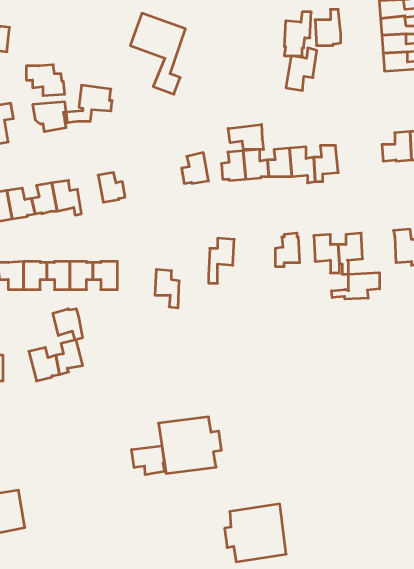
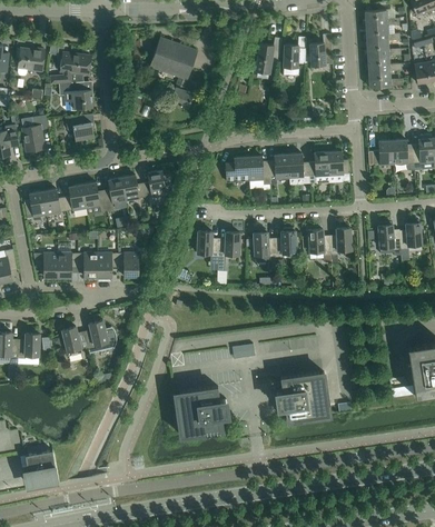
building: [286,48,317,90] -> [255,36,281,72]
building: [66,85,112,123] -> [49,51,89,83]
building: [228,124,264,150] -> none
building: none -> [327,150,349,180]
building: [182,153,209,183] -> [142,169,166,196]
building: none -> [103,177,126,210]
building: none -> [253,231,276,266]
building: [155,269,179,308] -> [197,230,218,264]
building: [332,273,380,299] -> none
building: [53,309,82,340] -> none
building: [132,446,165,475] -> none
building: [225,504,286,562] -> [276,370,329,420]

